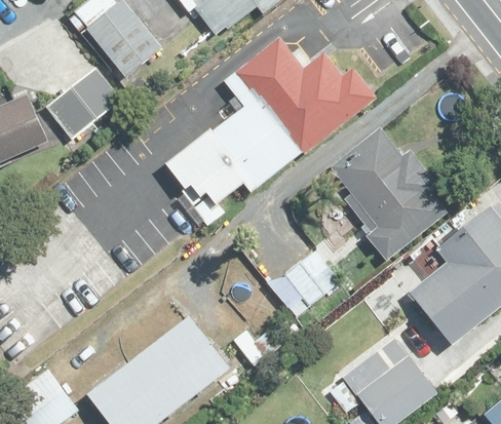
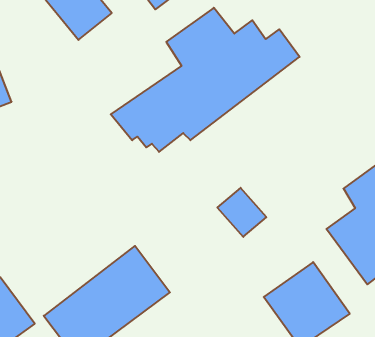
building: [42,63,126,142] -> none
building: [336,131,450,264] -> none

